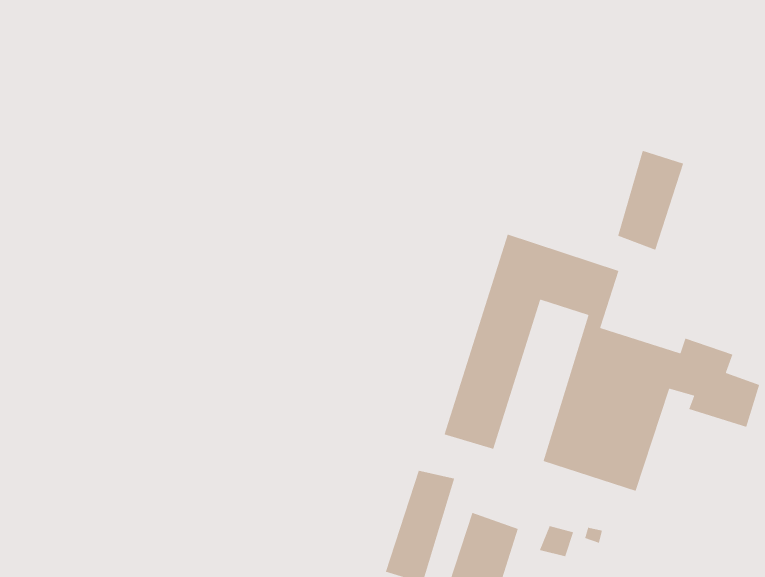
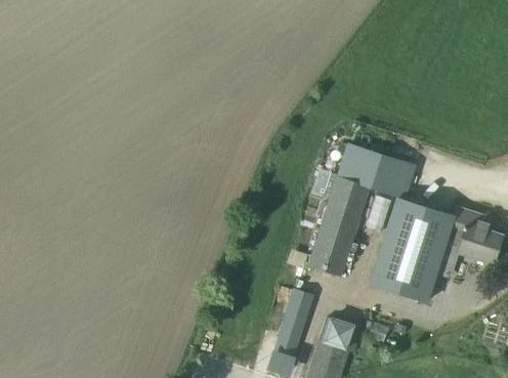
building: [617,150,684,251] -> none

